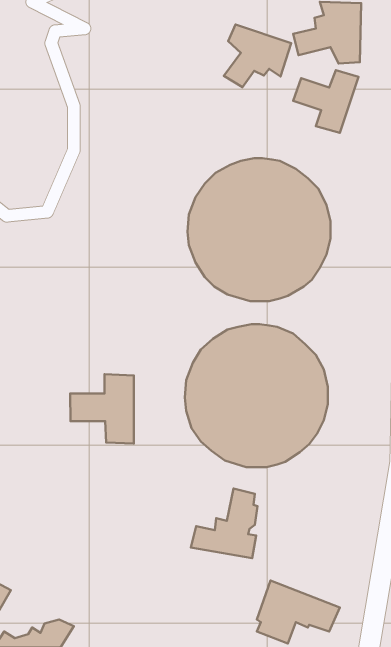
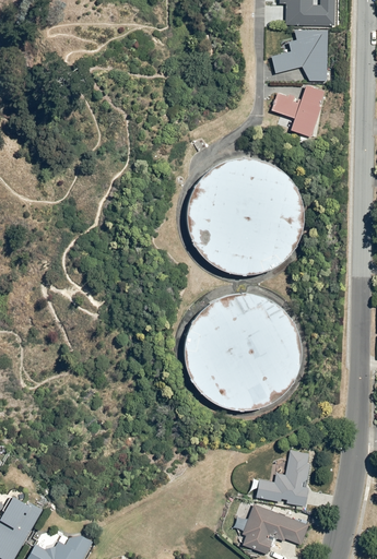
building: [224,25,291,87] -> none
building: [70,374,134,443] -> none
building: [191,489,258,558] -> [257,449,311,506]

